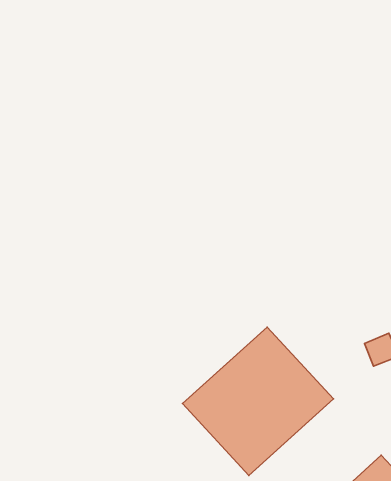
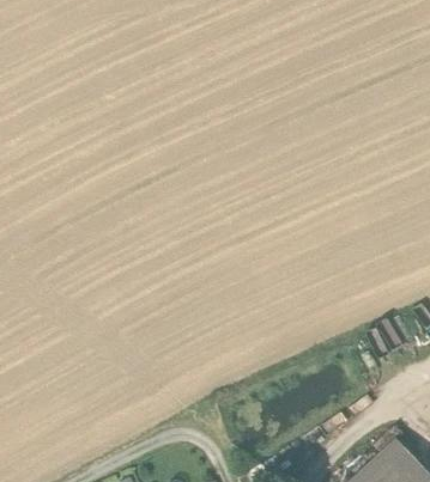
building: [183,327,333,475] -> none

